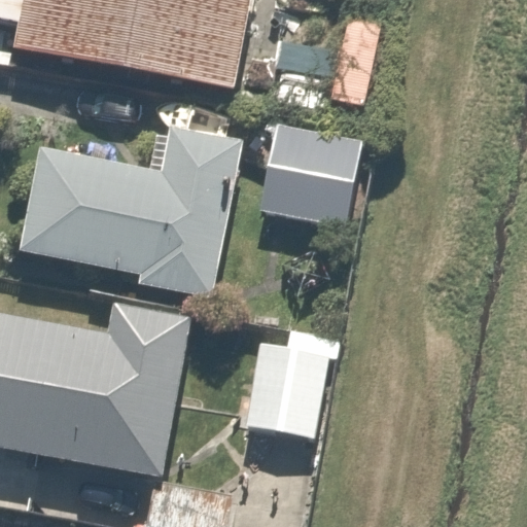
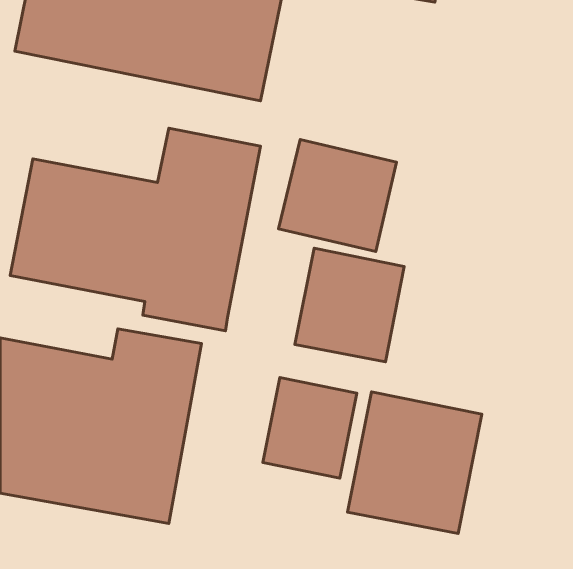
building: none -> [295,248,404,362]
building: none -> [348,392,482,533]

